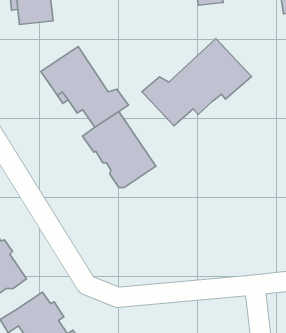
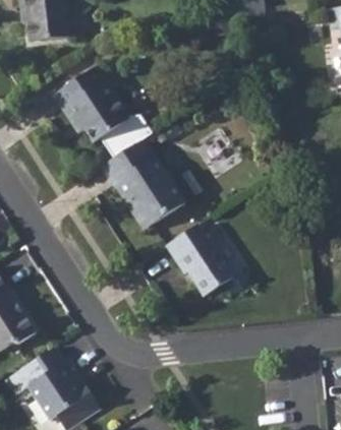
building: [142,38,251,126] -> none
building: none -> [165,225,232,297]

